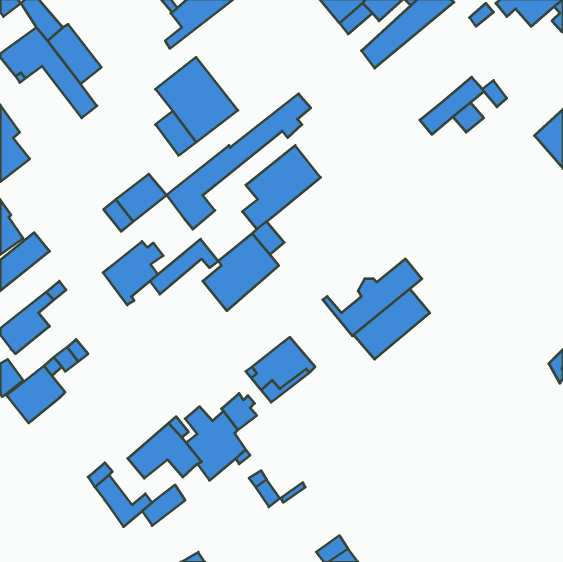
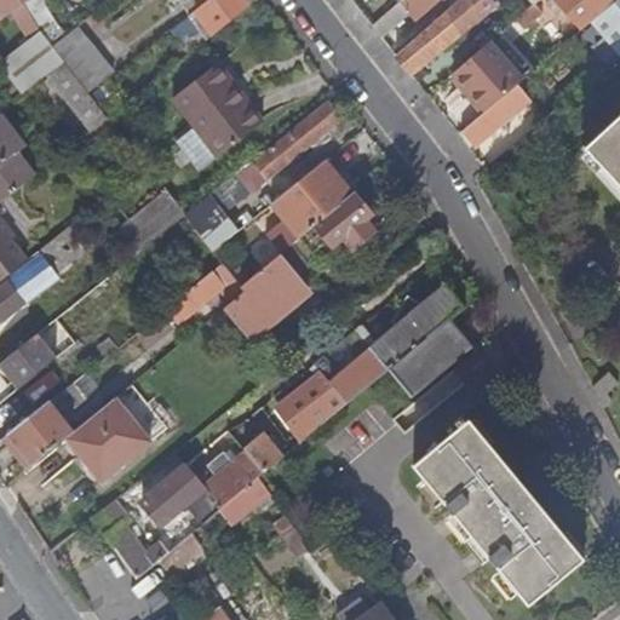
building: none -> [454,41,523,111]
building: none -> [299,195,373,253]
building: [103,241,163,305] -> none
building: none -> [312,329,388,403]
building: none -> [65,397,149,481]
building: none -> [412,417,585,604]

